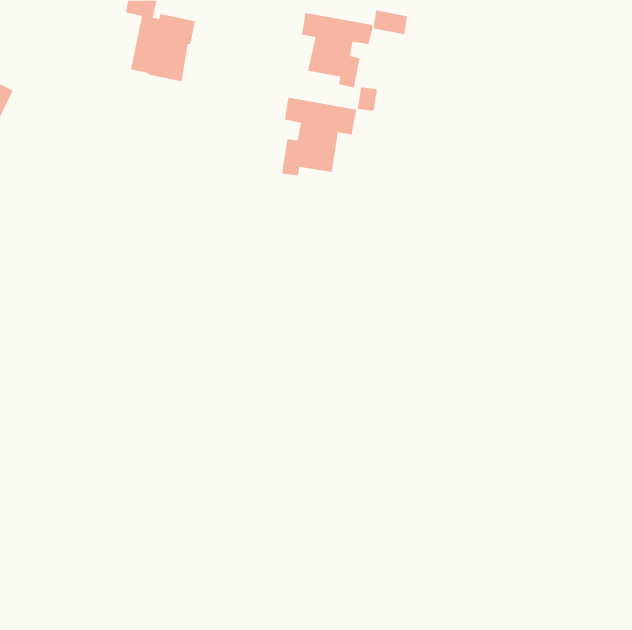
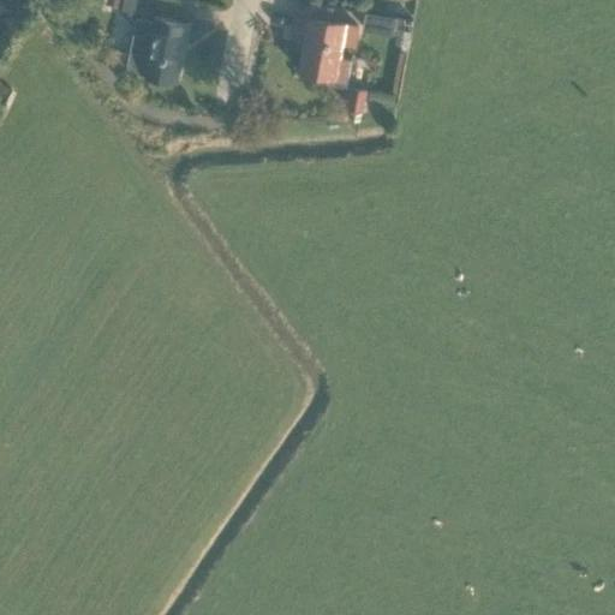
building: [282,97,357,176] -> none

